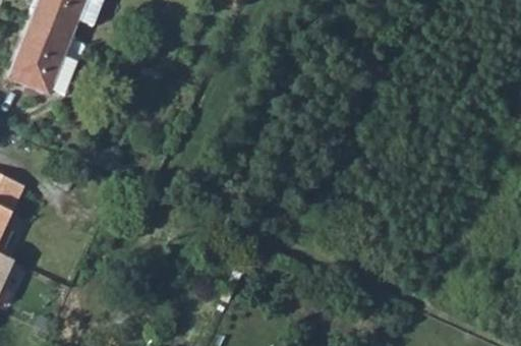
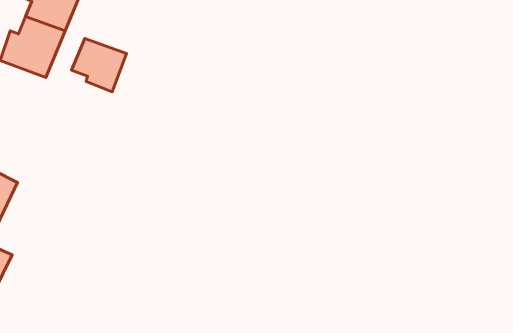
building: none -> [72,38,127,92]

